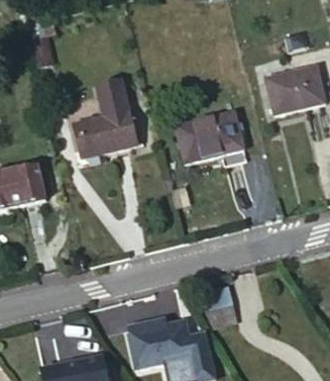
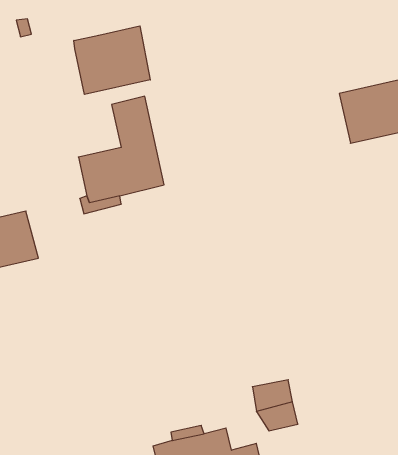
building: none -> [74,26,150,94]
building: [176,110,243,162] -> none

